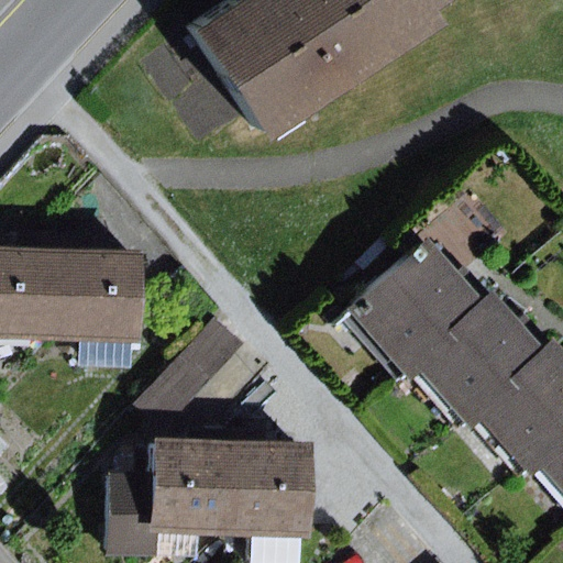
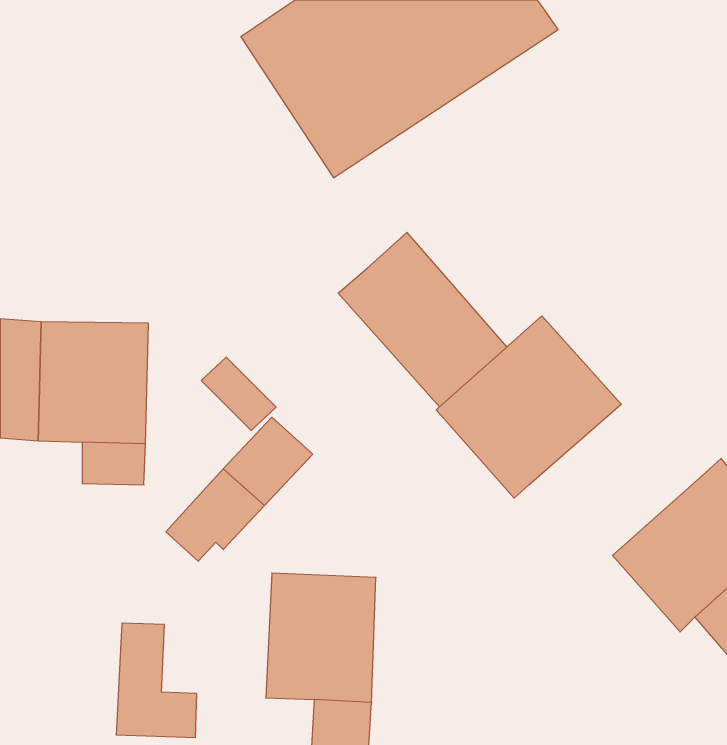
building: none -> [338,232,507,407]
building: [413,297,547,428] -> none
building: [139,430,221,527] -> none

